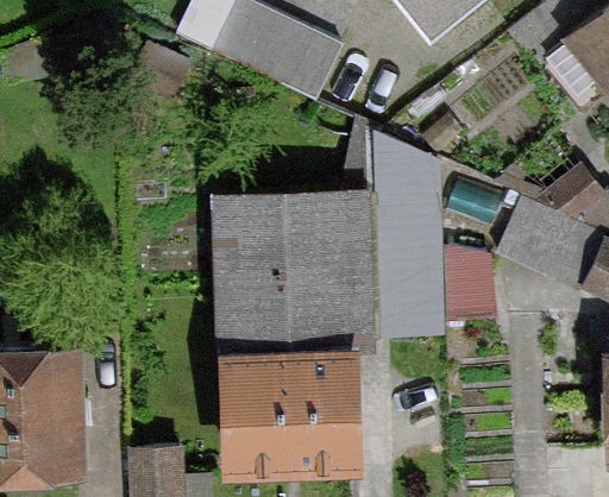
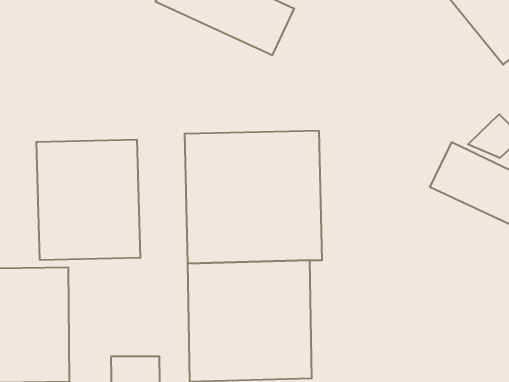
building: [377,133,440,340] -> none
building: none -> [36,140,140,260]

